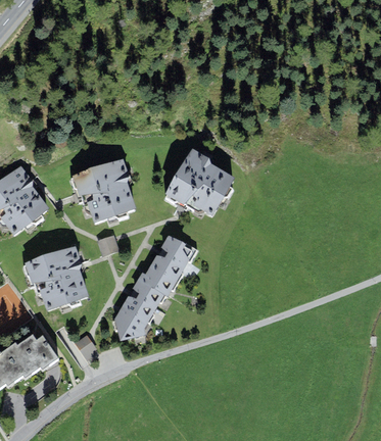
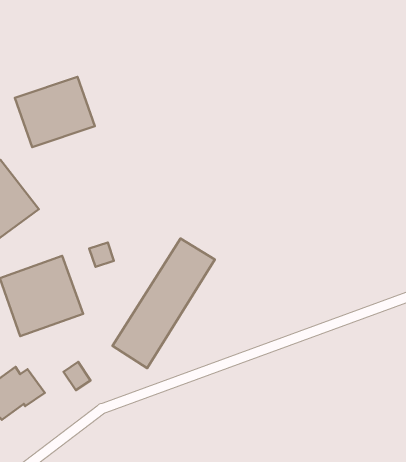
building: [165,148,233,215] -> none
building: [66,160,133,218] -> [15,77,95,147]

